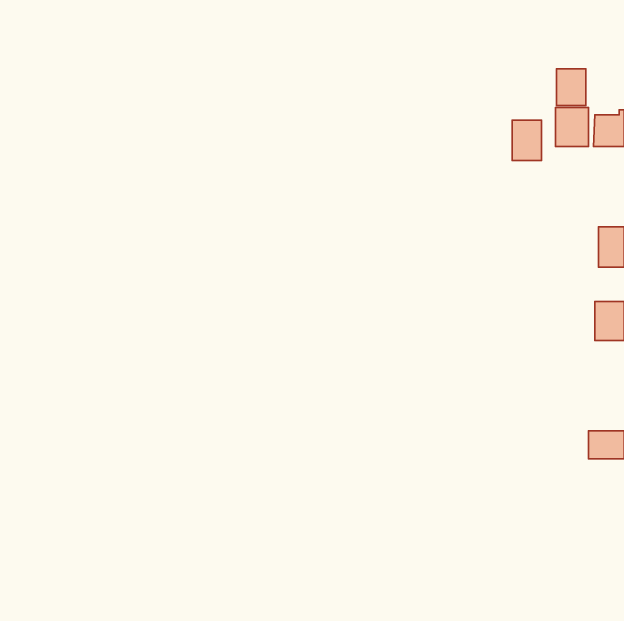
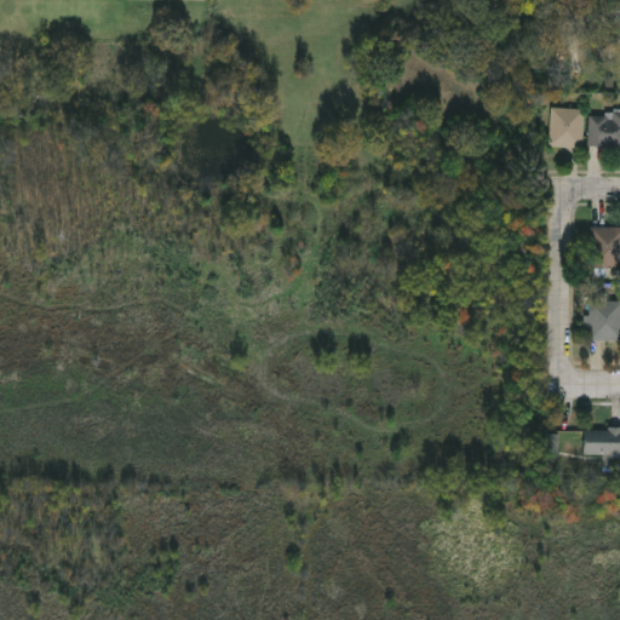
building: [556,69,586,106] -> none
building: [512,120,542,160] -> none

